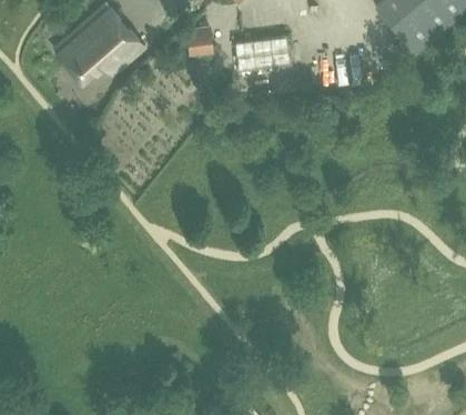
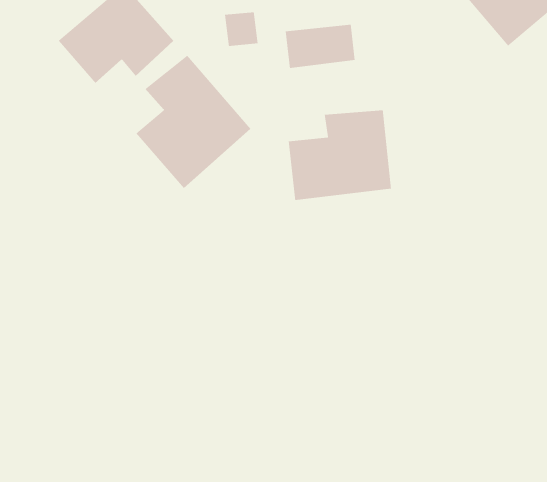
building: none -> [135,55,251,189]
building: none -> [288,110,392,201]

